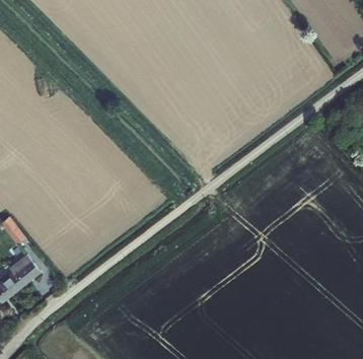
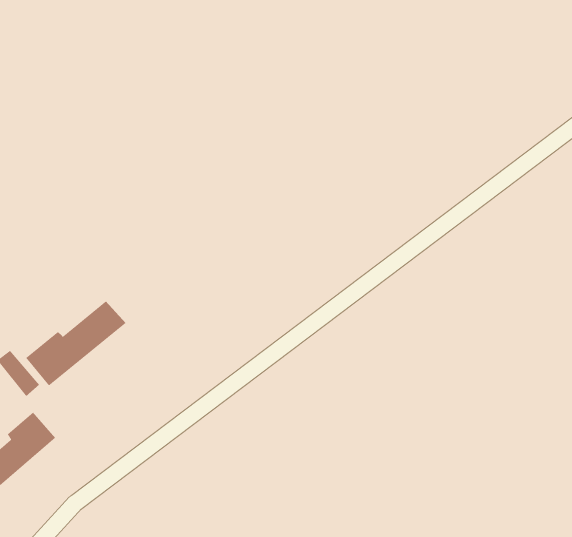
building: none -> [25,301,127,387]

